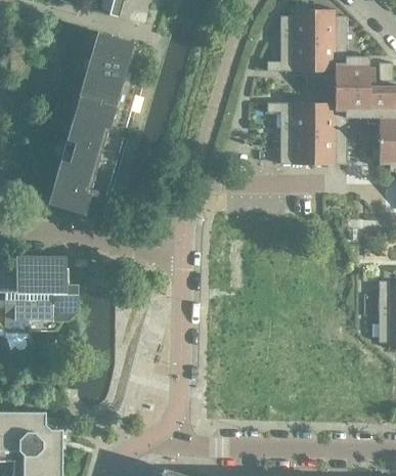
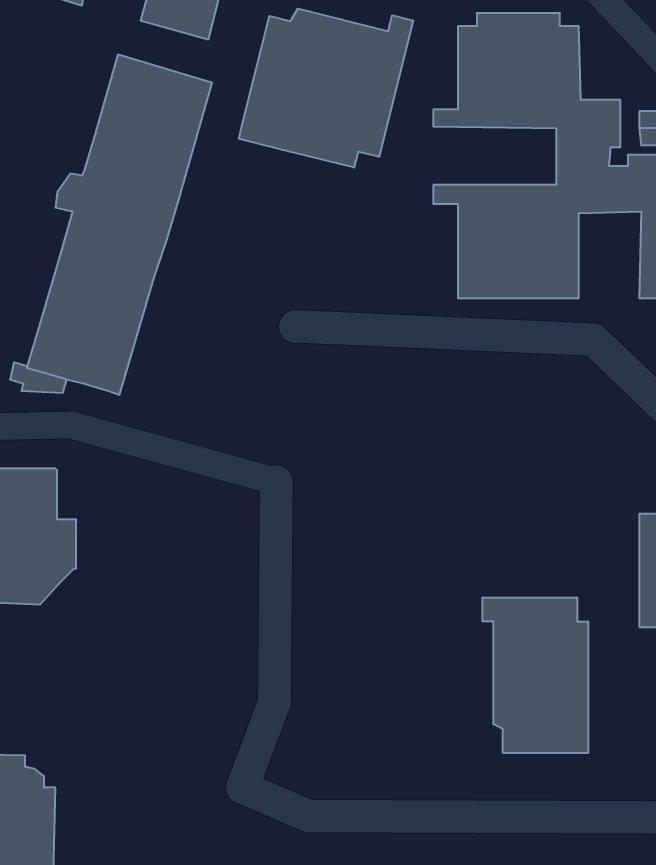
building: none -> [239,9,413,168]
building: none -> [482,597,588,753]

